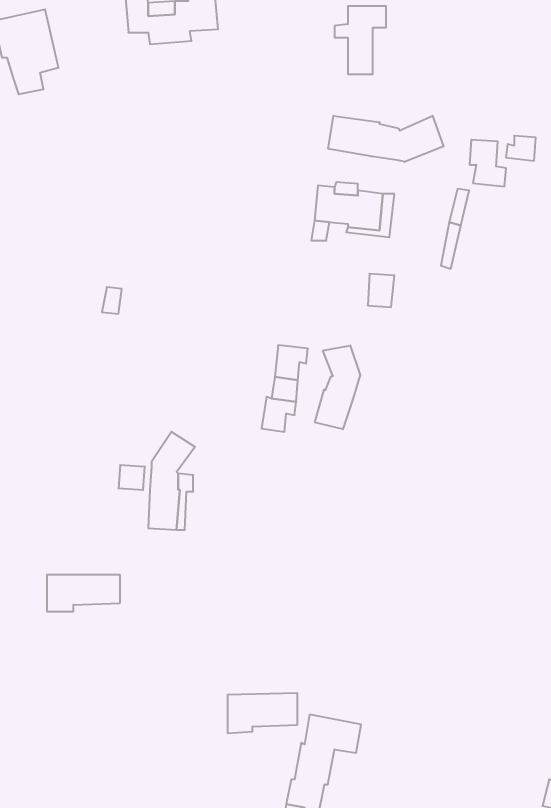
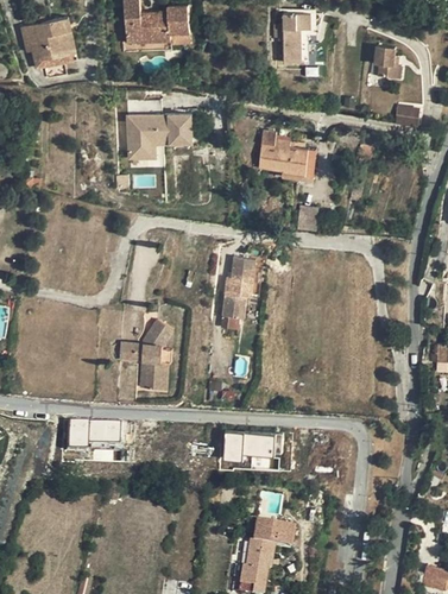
building: [328,116,444,162] -> none
building: none -> [128,95,195,154]
building: [470,140,506,186] -> [377,45,403,78]
building: [315,345,360,429] -> none
building: [228,693,297,733] -> [222,435,272,463]

